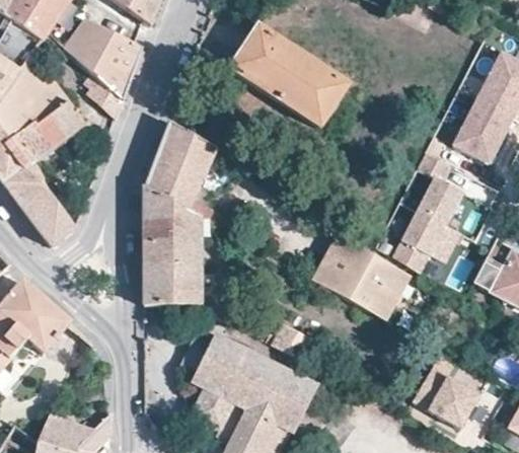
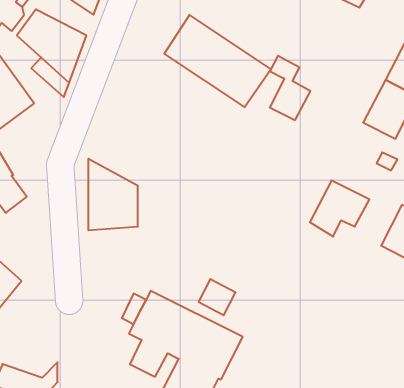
building: [144,121,229,232] -> none
building: [417,151,462,223] -> [270,56,310,120]
building: [312,234,409,318] -> none
building: [144,260,200,305] -> none
building: [413,366,479,426] -> none

